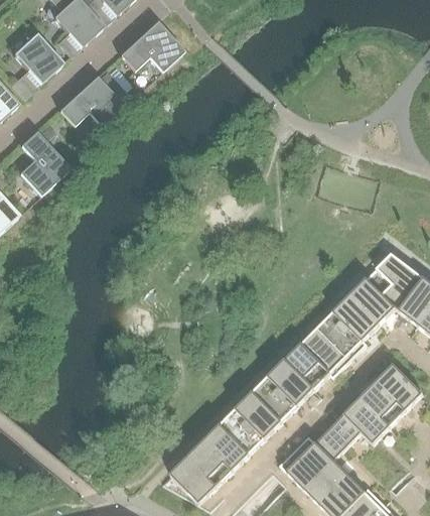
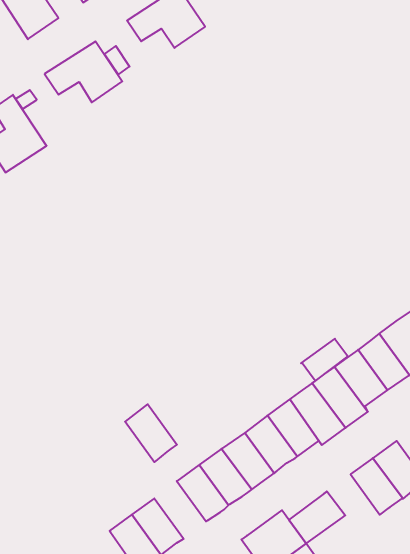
building: none -> [301,339,348,381]
building: [344,397,391,443] -> none
building: [204,425,250,472] -> [125,404,177,462]

